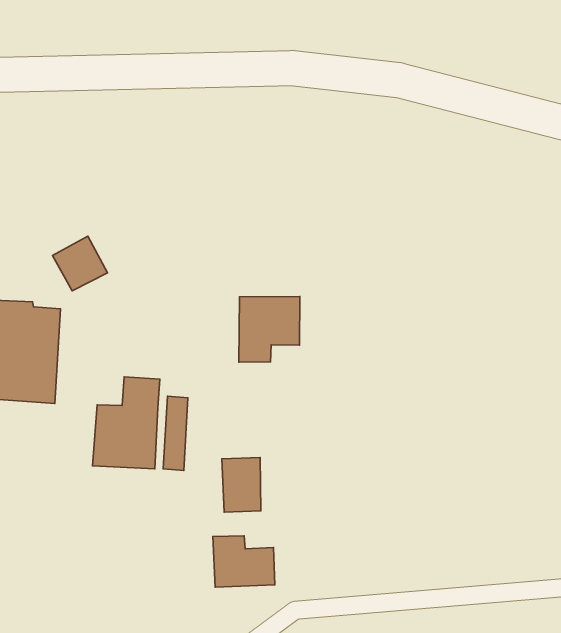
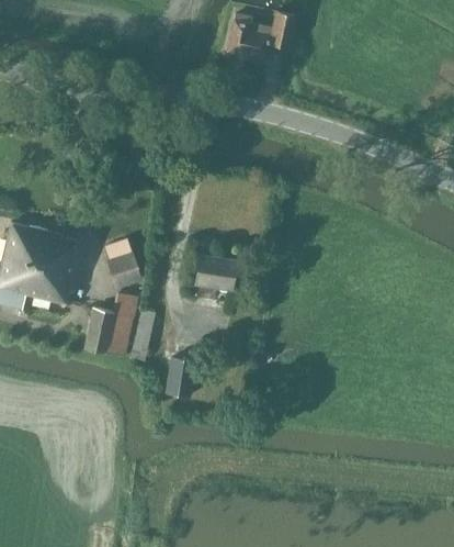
building: [53,236,108,291] -> [106,254,140,288]
building: [213,536,275,587] -> none

